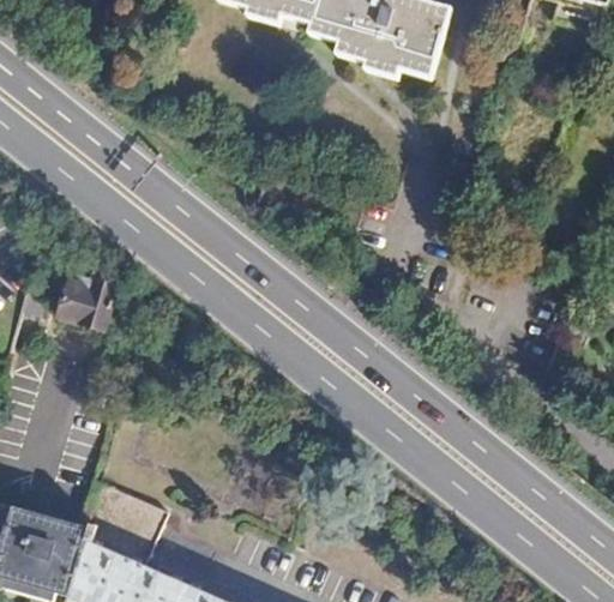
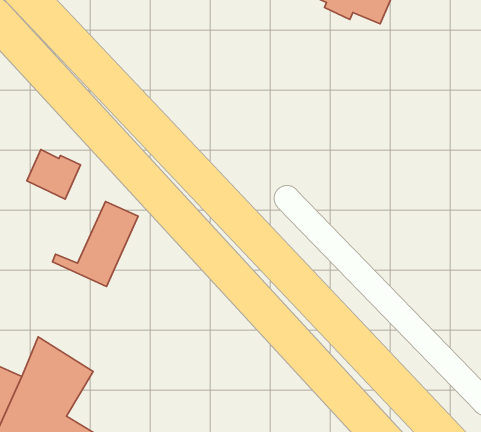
building: none -> [52,201,138,287]

